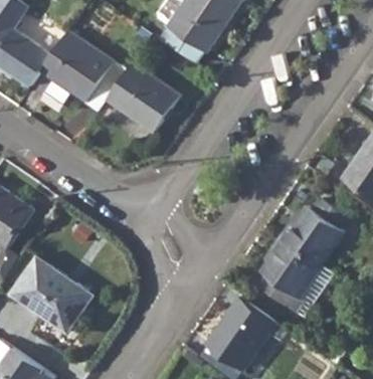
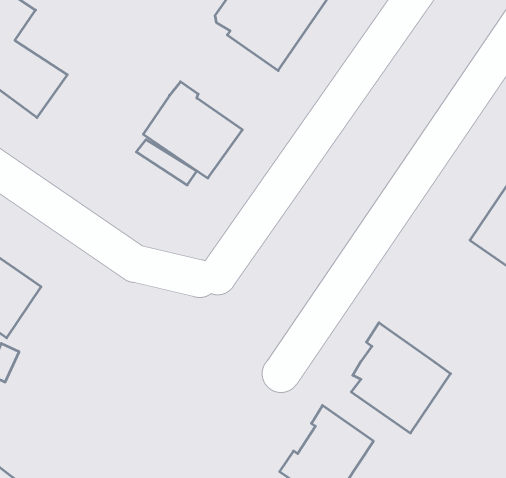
building: [41,32,113,103] -> none
building: [278,199,344,265] -> none
building: [12,256,92,332] -> none

